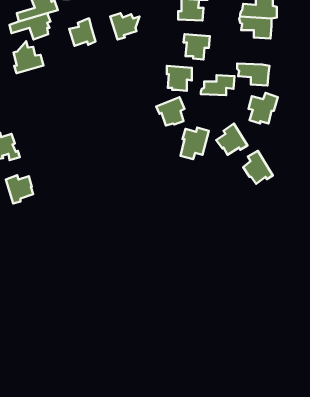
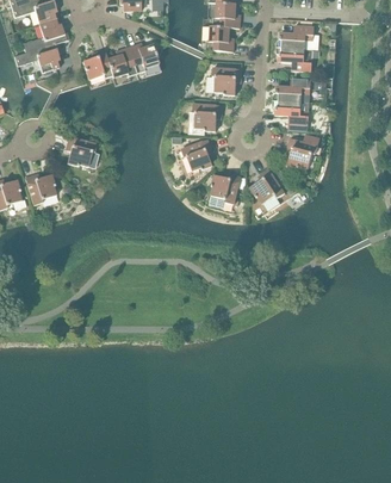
building: none -> [107,47,137,78]
building: [13,41,44,73] -> none
building: [201,75,234,95] -> [273,79,311,101]
building: none -> [66,136,98,168]
building: [243,151,273,184] -> none
building: [6,175,33,204] -> [25,173,56,205]

